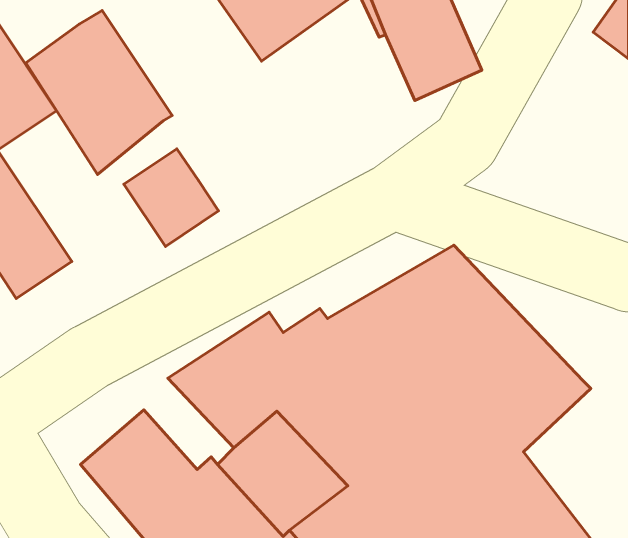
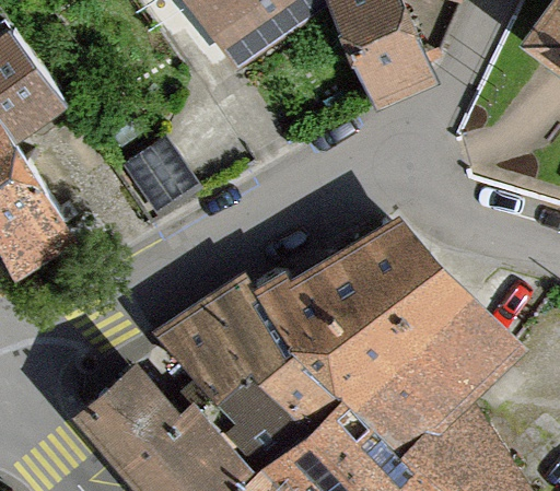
building: [26,10,172,175] -> none

